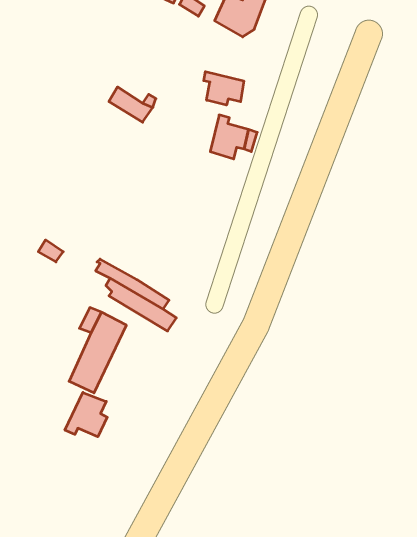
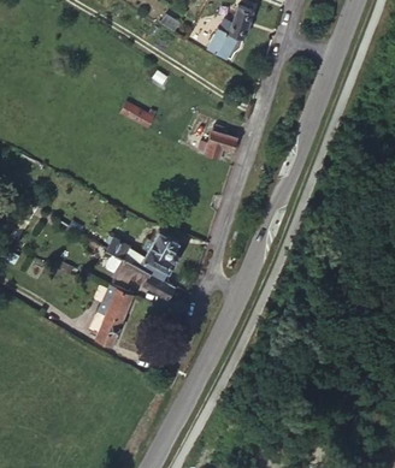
building: [204,72,244,105] -> none
building: none -> [142,231,179,273]
building: [65,392,107,437] -> none

